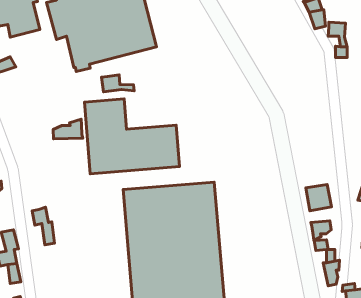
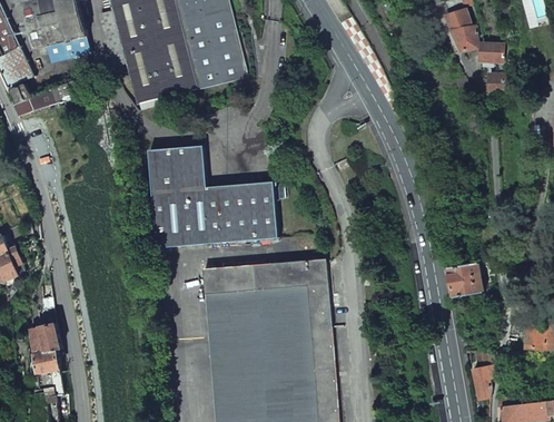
building: [101,75,134,92] -> none
building: [53,119,83,139] -> none
building: [32,207,55,245] -> none
building: [311,221,331,240] -> none

